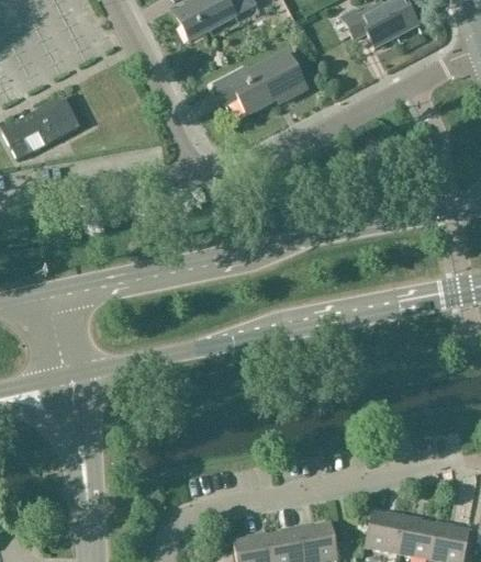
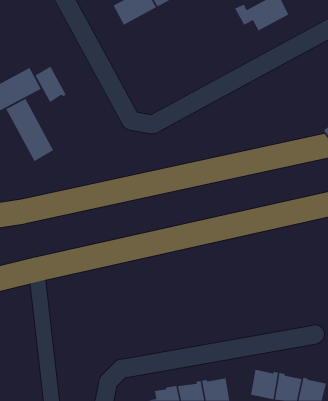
building: [214,52,306,114] -> none
building: none -> [34,65,67,103]
building: none -> [5,98,54,162]

